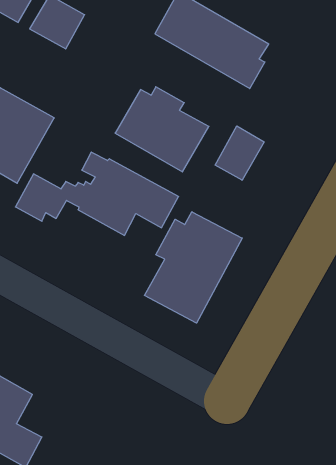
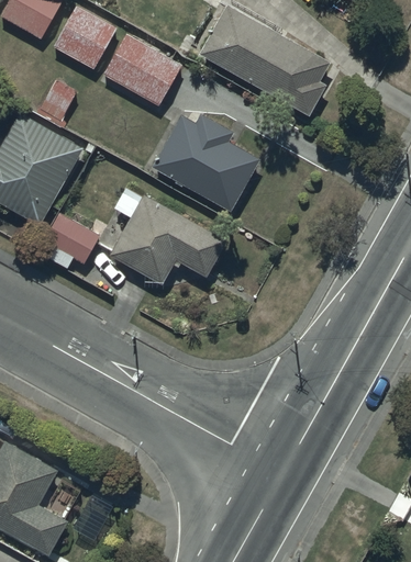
building: none -> [104,35,182,105]
building: [215,126,264,180] -> none
building: [144,212,242,323] -> none

